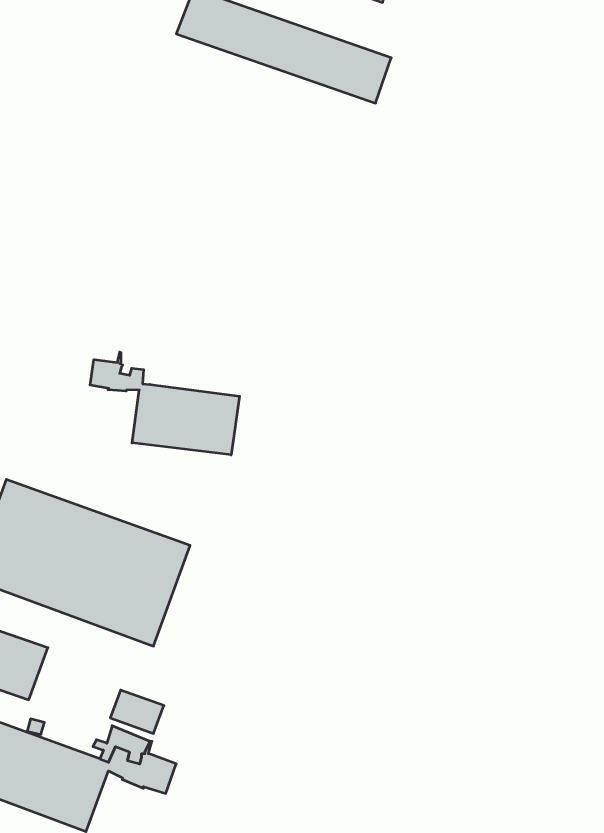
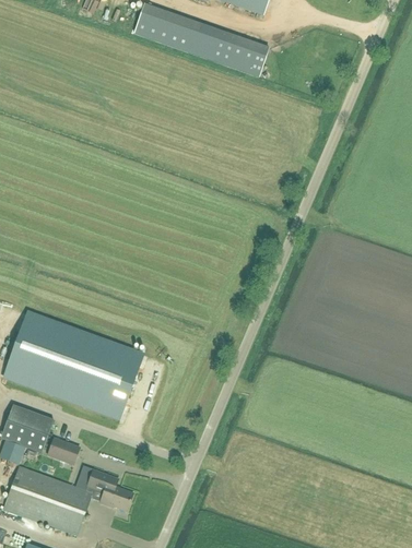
building: [90,352,240,455] -> none
building: [110,690,164,733] -> [46,437,80,464]

